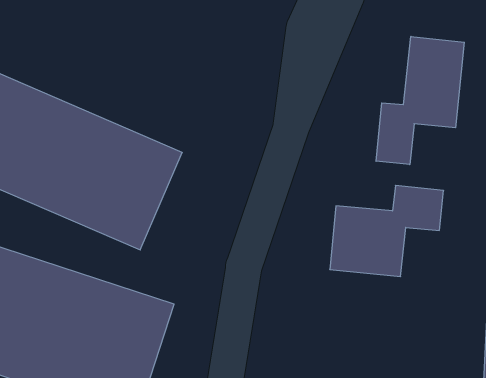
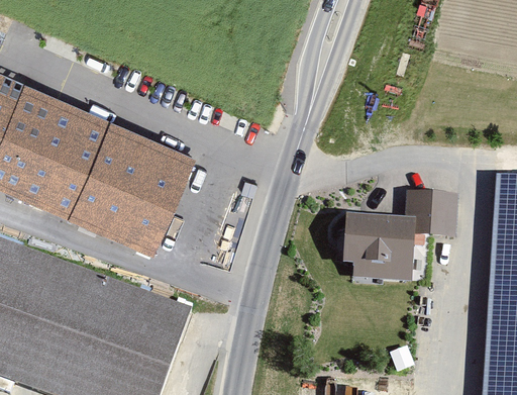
building: [376,36,464,165] -> none

